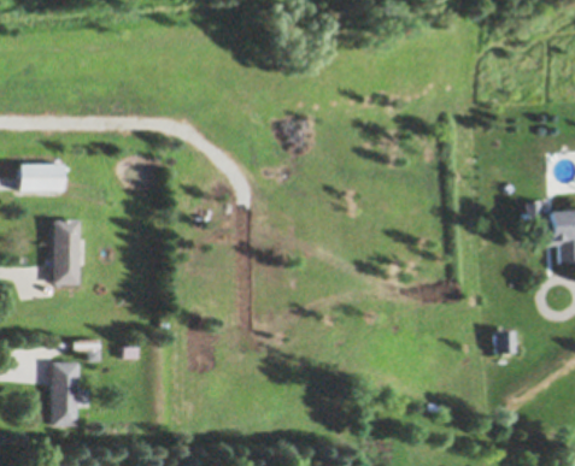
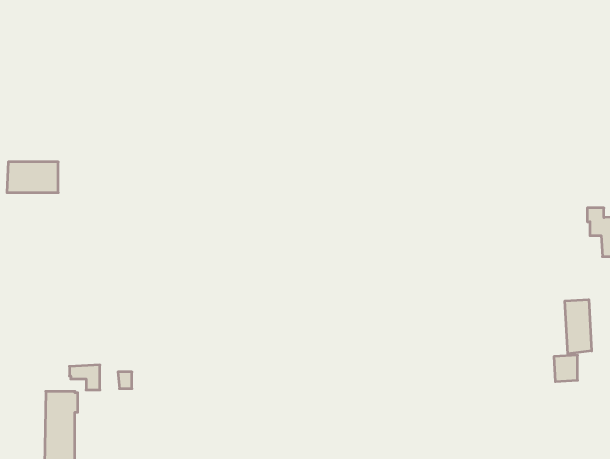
building: [53,220,78,284] -> none
building: none -> [565,300,592,354]

